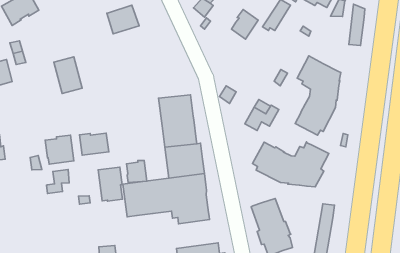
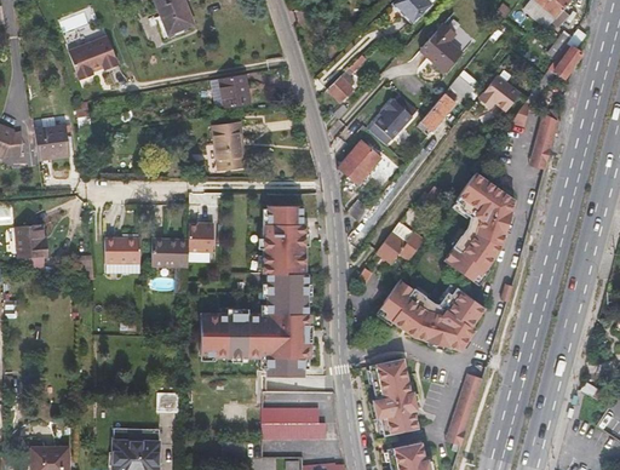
building: none -> [338,141,381,184]
building: [54,57,82,93] -> [212,122,246,170]
building: [126,161,147,183] -> [188,223,213,252]
building: [98,167,123,201] -> none
building: [46,170,69,193] -> none

